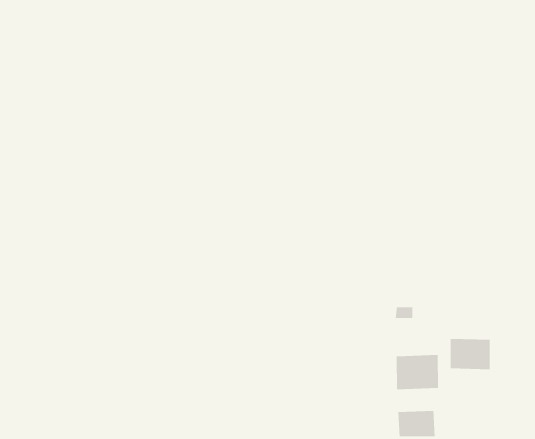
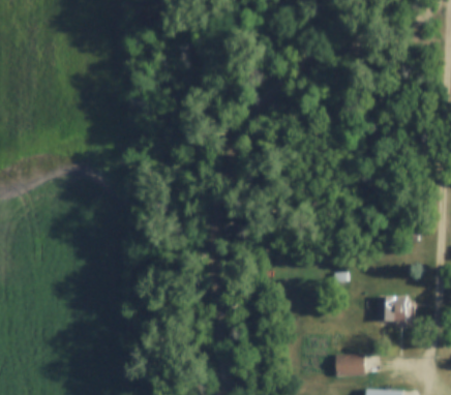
building: [396,354,439,390] -> none

